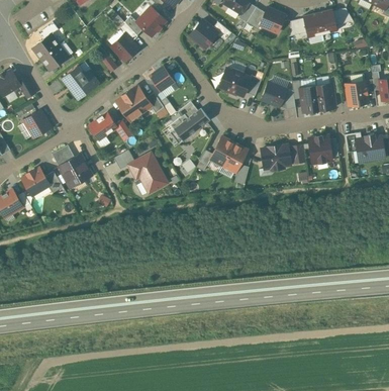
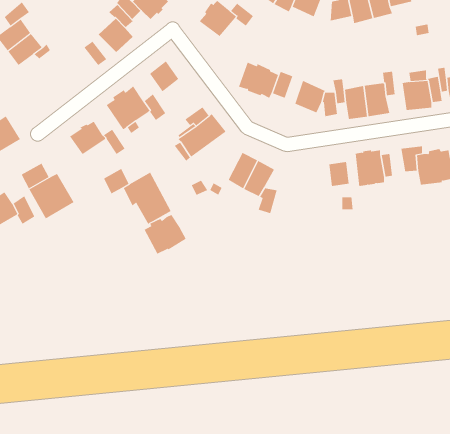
building: [62,66,97,98] -> none
building: [260,144,290,170] -> none
building: none -> [144,214,187,254]

